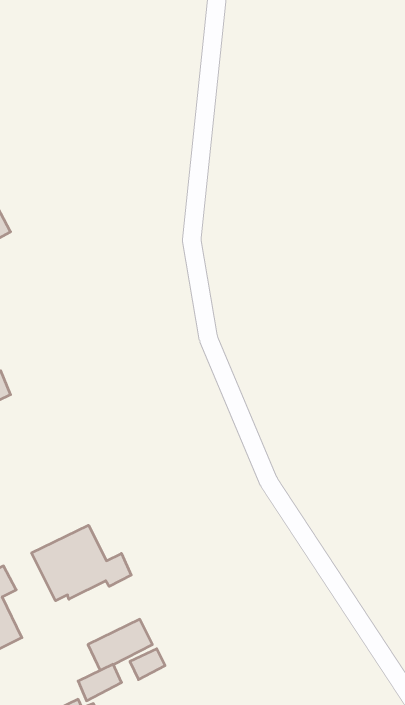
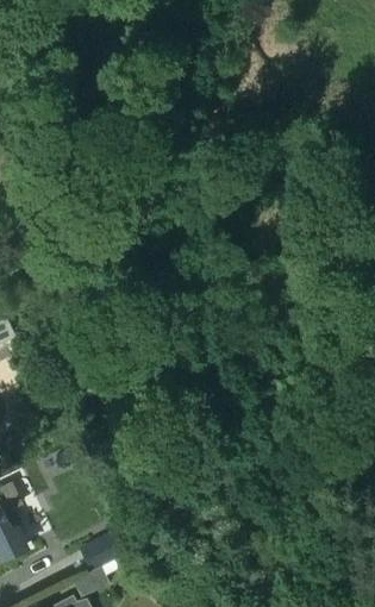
building: [32,525,131,601] -> none

